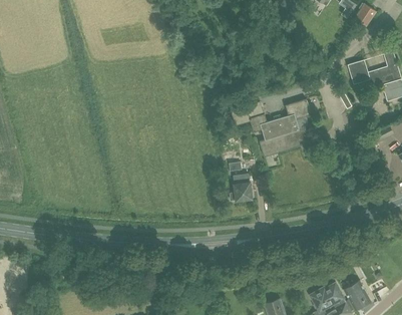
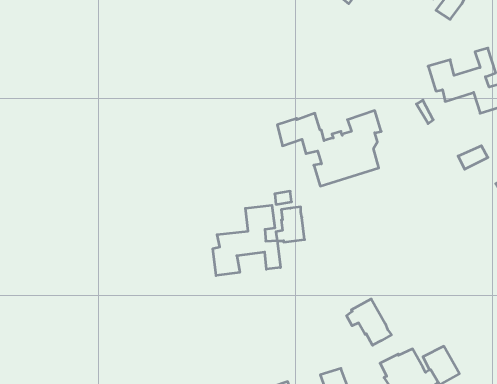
building: none -> [213,205,280,276]
building: none -> [347,299,391,345]

